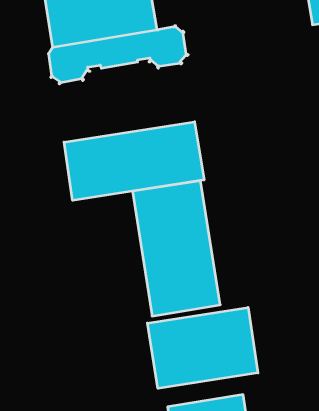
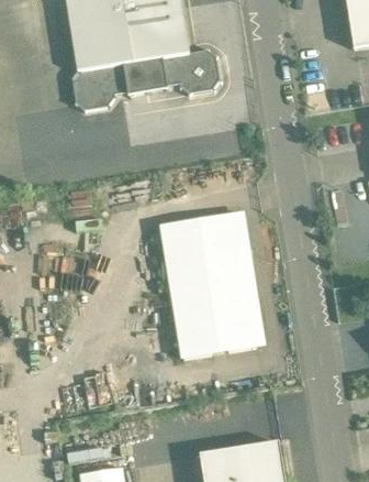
building: [64,122,204,200] -> none
building: [147,307,258,388] -> none

